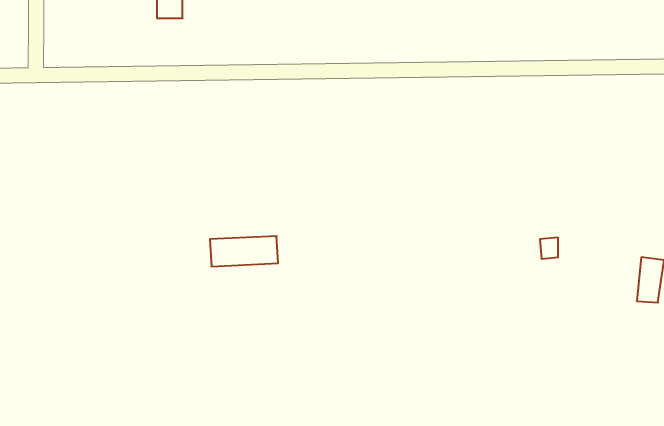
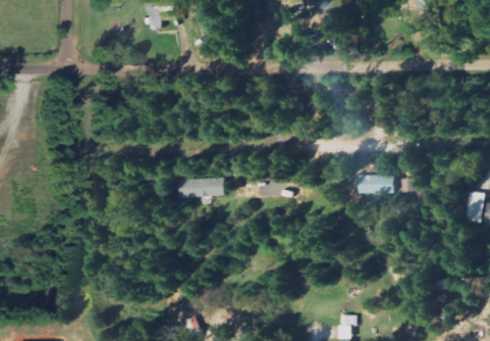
building: none -> [358,176,393,194]

